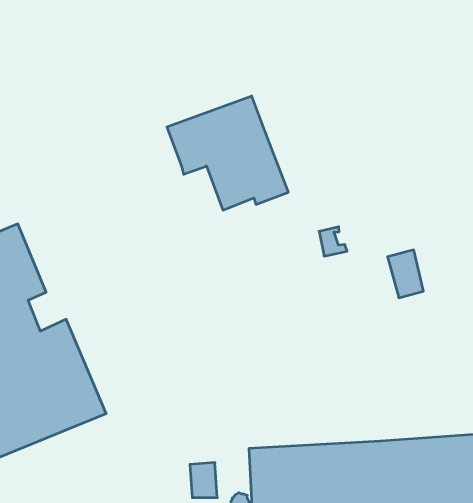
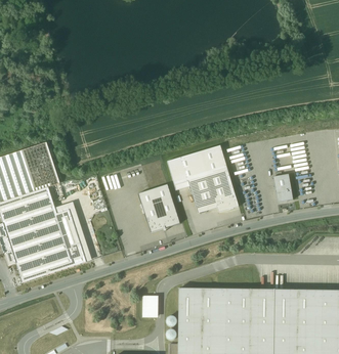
building: [167,96,288,210] -> [167,145,239,214]
building: none -> [139,184,180,232]

